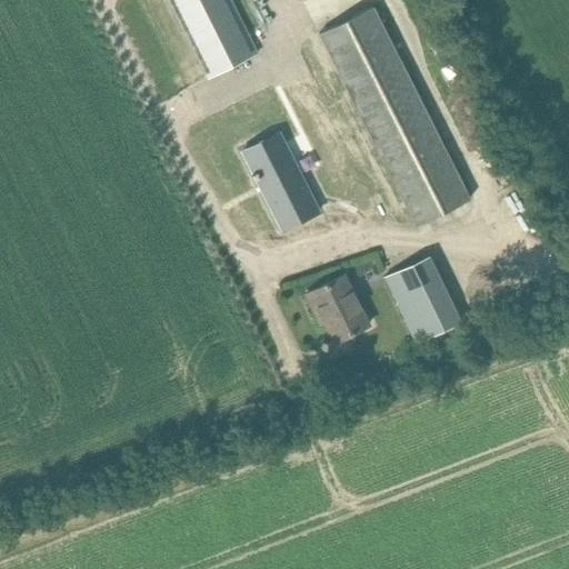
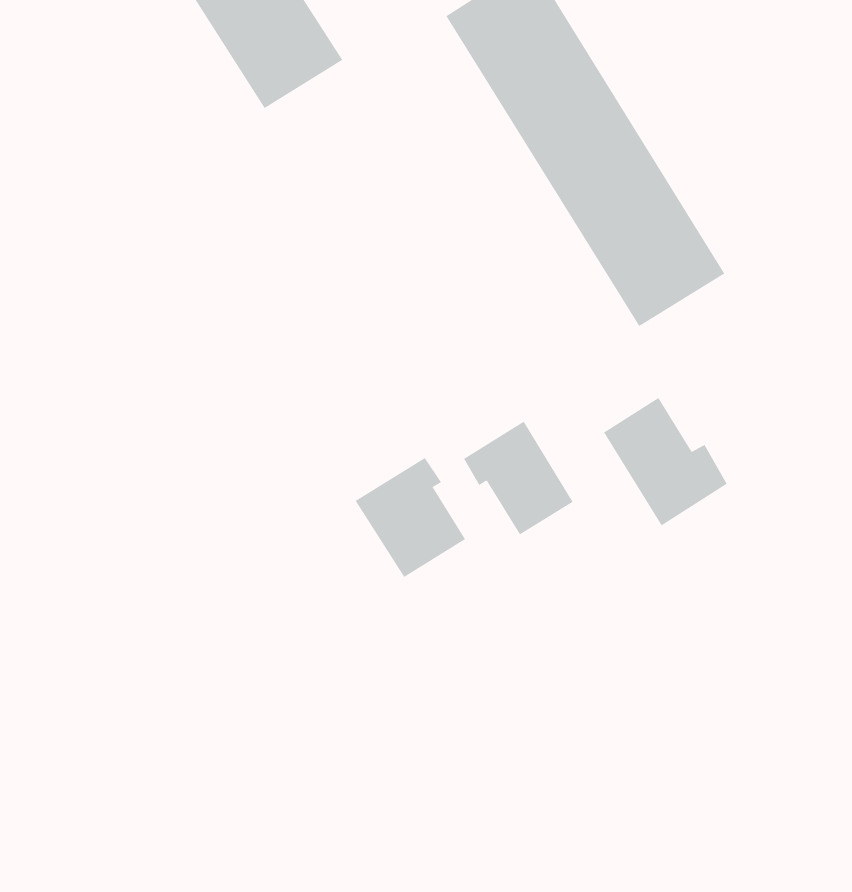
building: [244,133,318,228] -> none
building: none -> [355,457,466,578]

